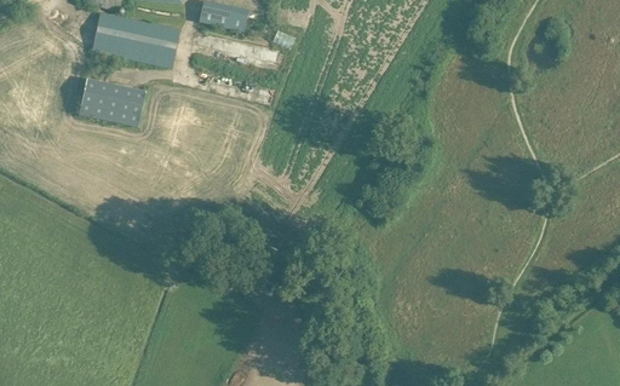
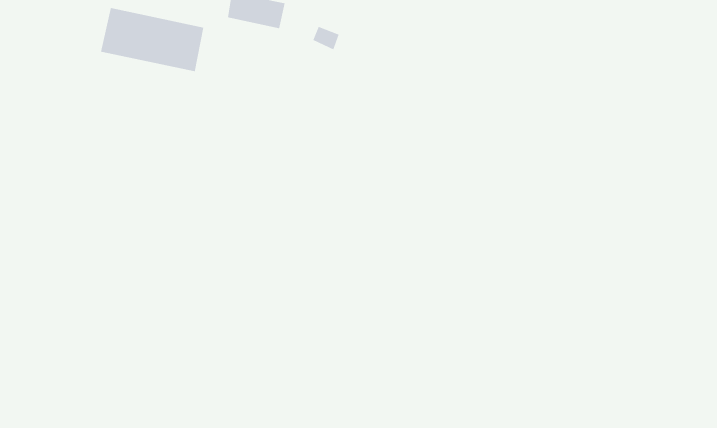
building: [78,77,145,127] -> none

